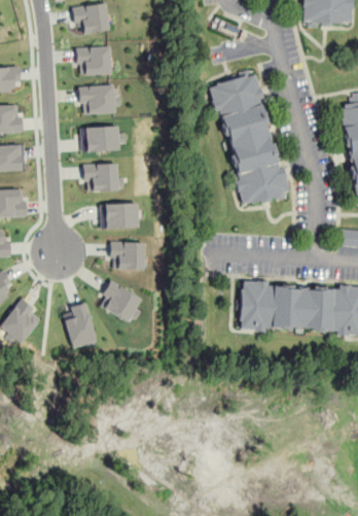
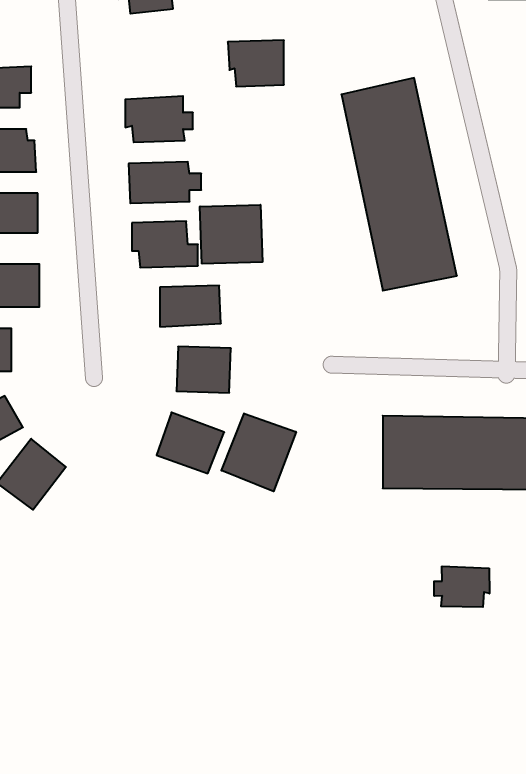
building: [76,46,111,75] -> [228,40,284,86]
building: none -> [200,205,262,264]
building: none -> [221,413,296,491]
building: [63,302,97,347] -> none
building: none -> [434,566,489,607]

